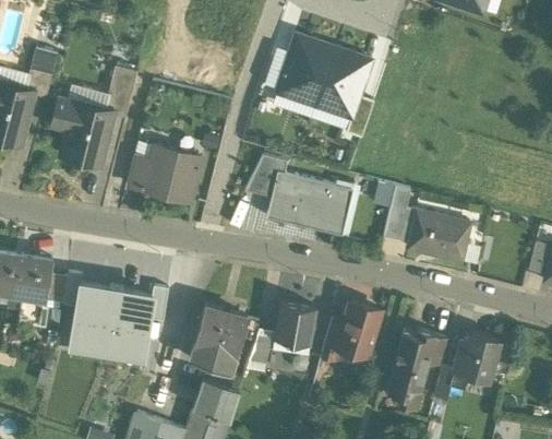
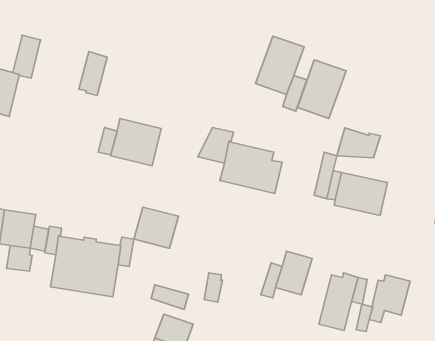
building: [276,34,334,104] -> [298,60,346,118]
building: [52,99,111,164] -> none
building: none -> [337,128,380,158]
building: [272,302,315,345] -> none
building: [192,306,245,355] -> [134,207,179,248]

